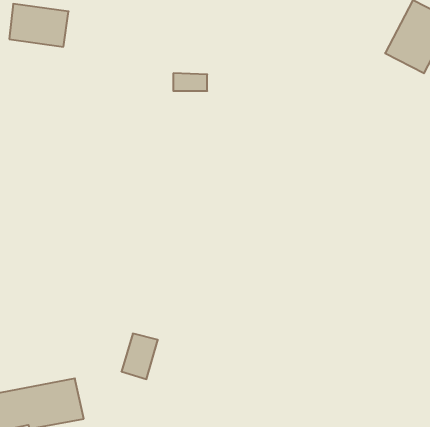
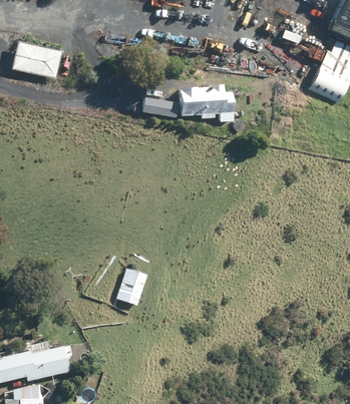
building: none -> [179,86,233,121]
building: [121,334,158,379] -> [118,269,147,305]

